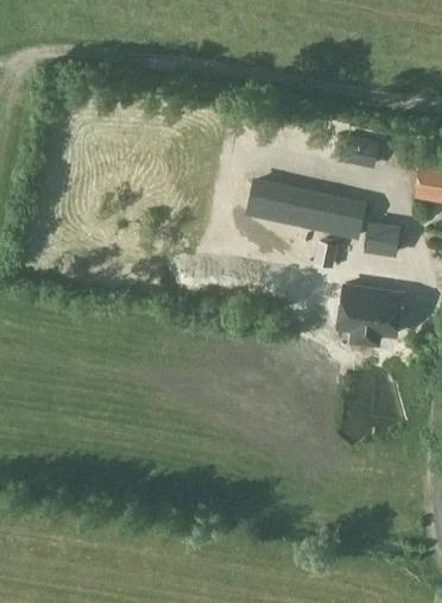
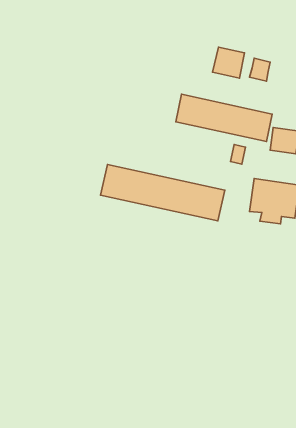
building: none -> [213,47,245,78]
building: none -> [100,164,225,221]

